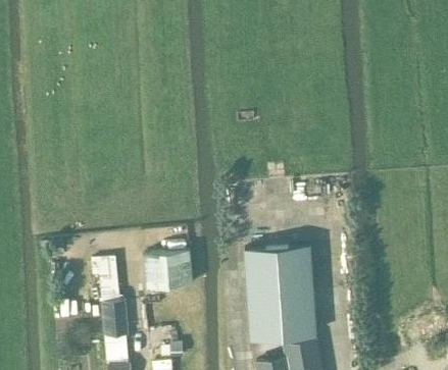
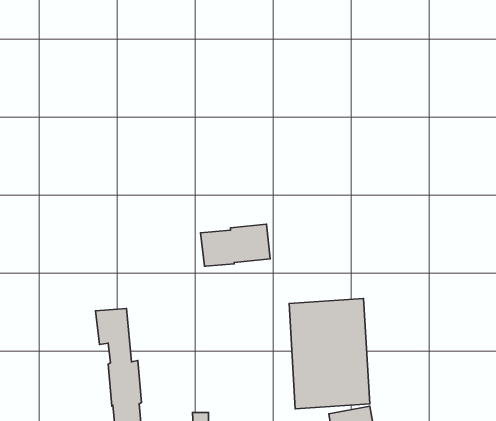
building: [142,252,199,286] -> [201,224,270,266]

